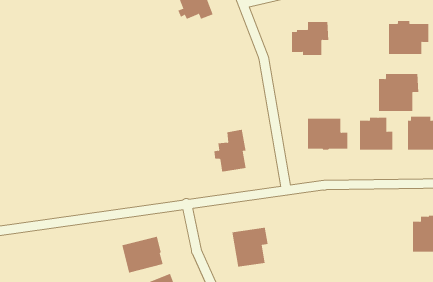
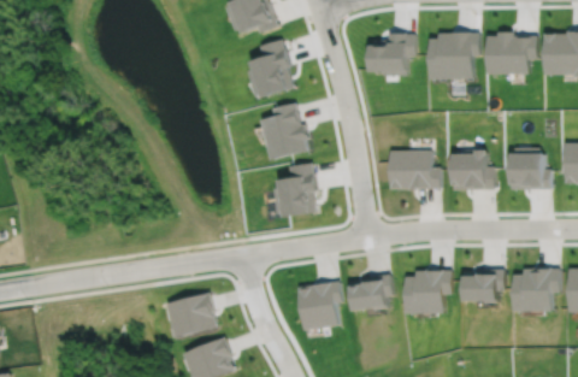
building: none -> [248,41,290,95]
building: [378,74,419,112] -> [429,33,478,78]
building: none -> [261,104,306,159]
building: none -> [405,270,450,314]
building: none -> [464,270,503,304]
building: none -> [348,275,391,312]

